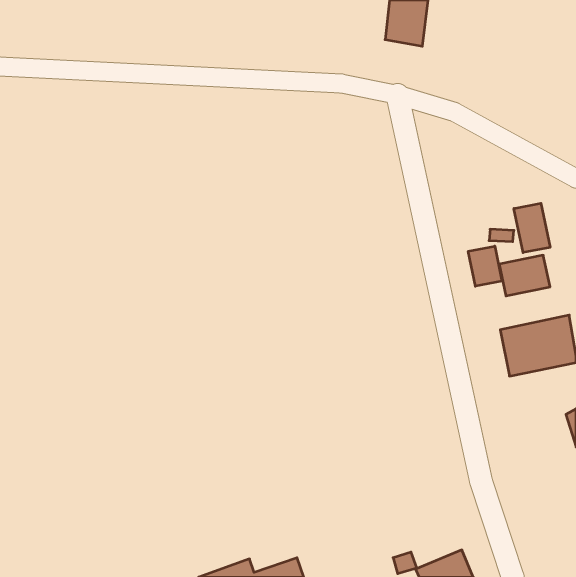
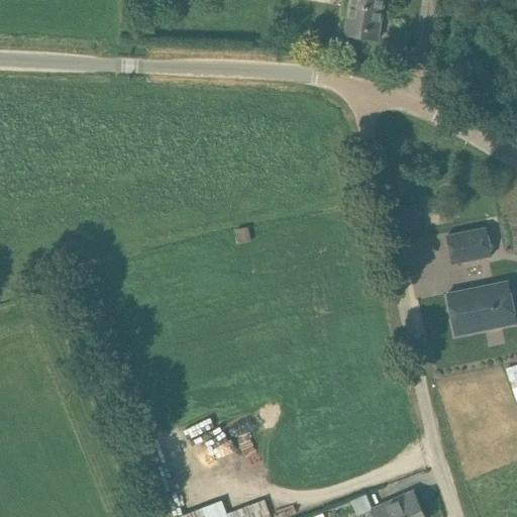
building: [514,203,550,253] -> none
building: [468,246,502,286] -> none

